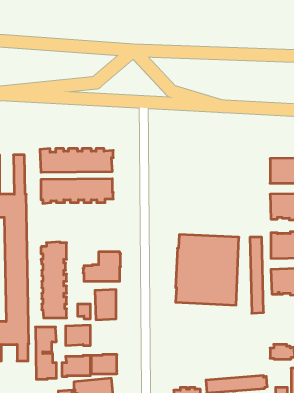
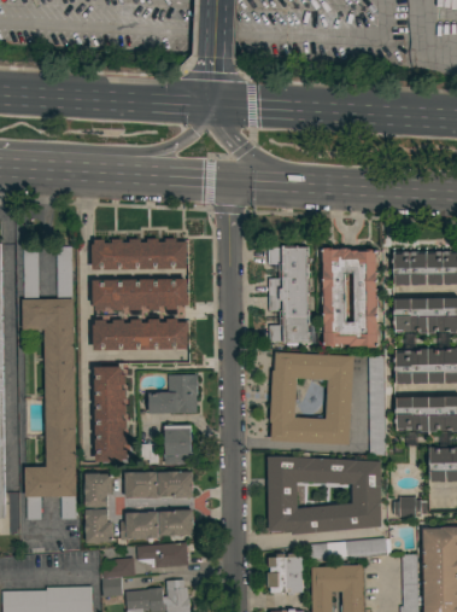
building: none -> [269,246,310,345]
building: none -> [321,249,377,346]
building: none -> [93,319,189,351]
building: none -> [268,456,381,535]
building: none -> [158,472,193,497]

